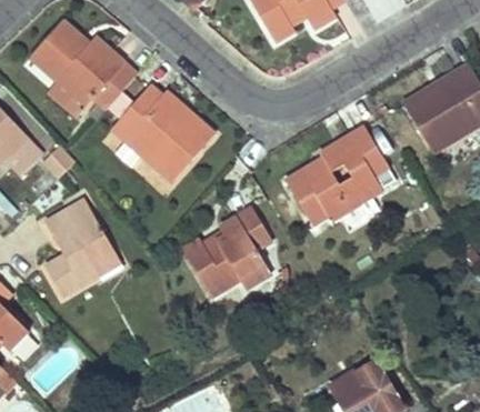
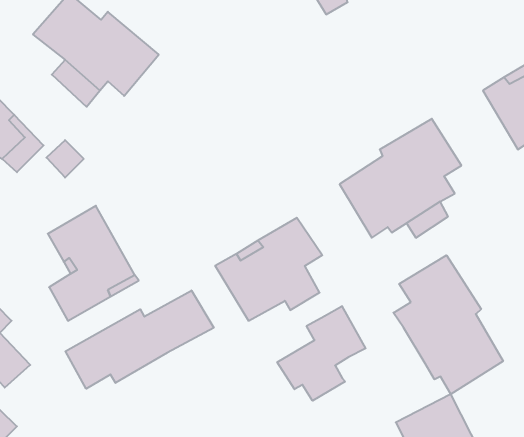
building: [112,86,212,180] -> none
building: none -> [393,255,503,394]
building: none -> [65,290,214,389]
building: none -> [277,306,366,401]

